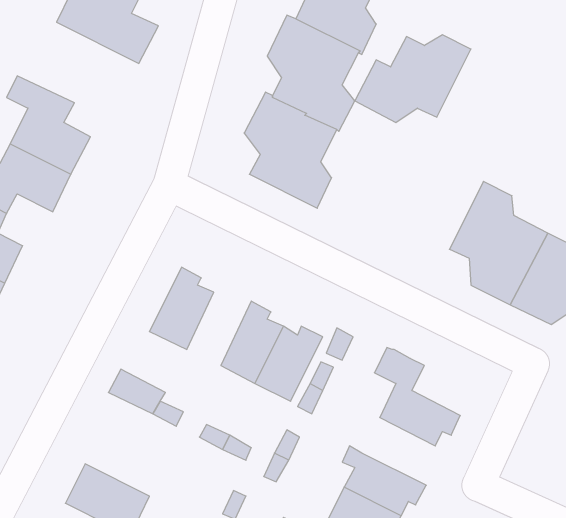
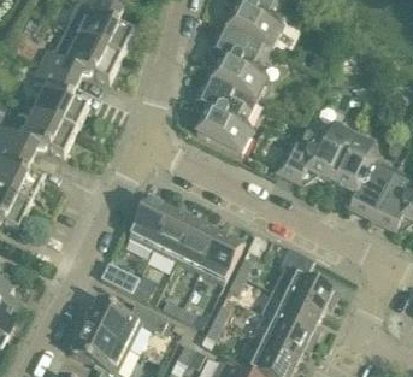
building: none -> [40,28,122,82]
building: [355,35,471,122] -> [276,125,354,184]
building: none -> [154,210,197,259]
building: none -> [272,294,321,340]
building: none -> [85,299,169,347]

